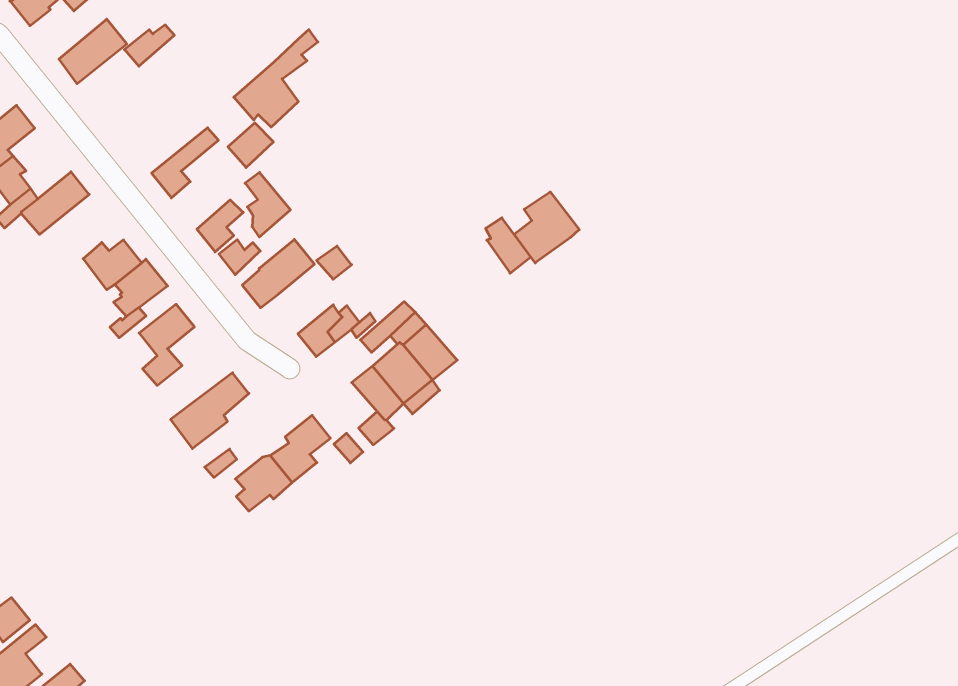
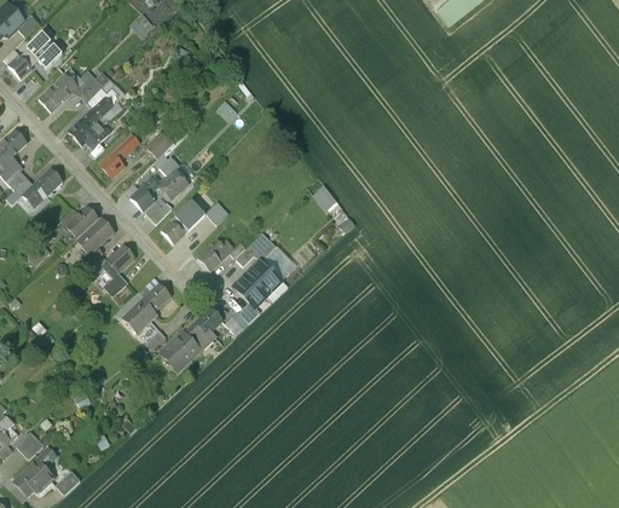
building: [234,30,318,127] -> [69,87,118,149]
building: [514,192,579,263] -> none

